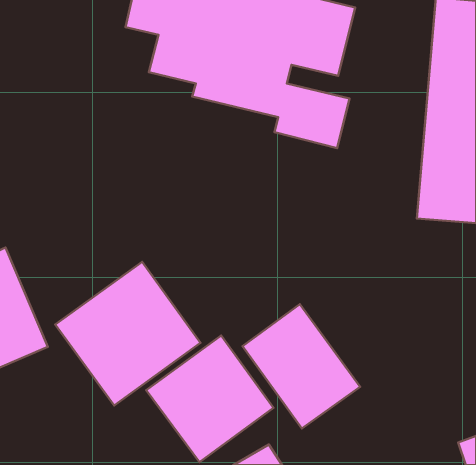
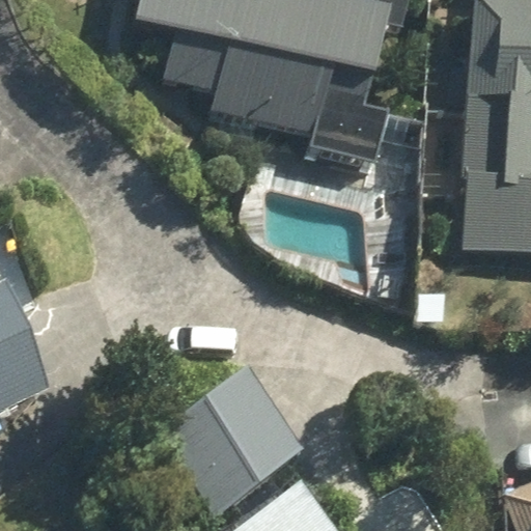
building: [55,262,200,406] -> none
building: [243,304,360,428] -> none

